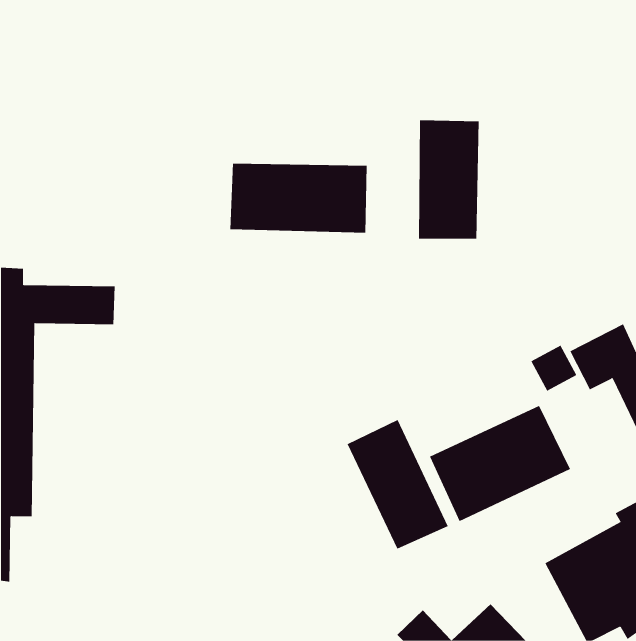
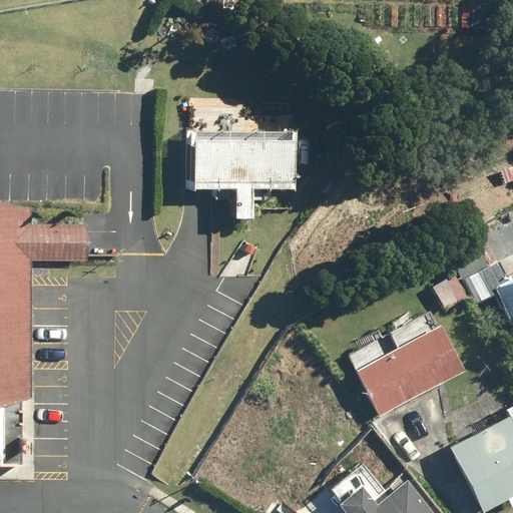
building: [418,120,479,239] -> none
building: [347,419,448,549] -> none

